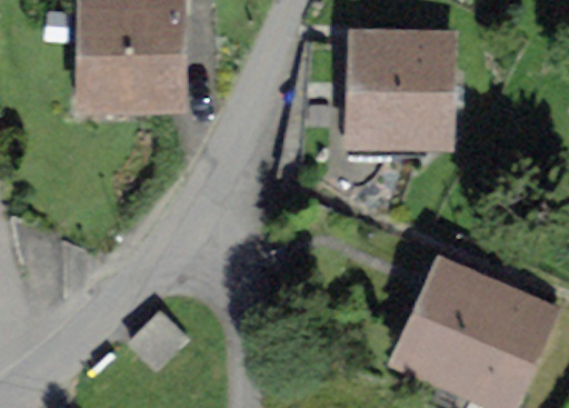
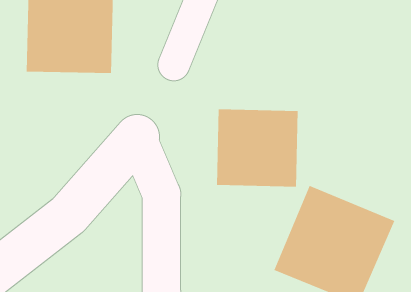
building: [345,43,450,143] -> [216,109,299,187]

